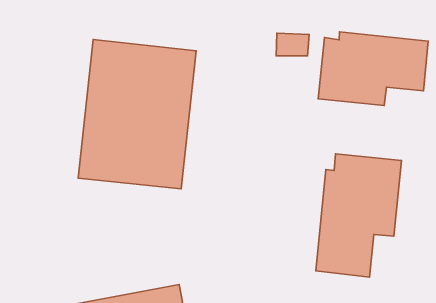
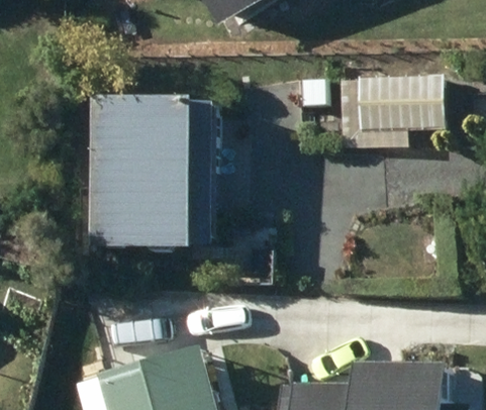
building: [316,154,402,277] -> none

